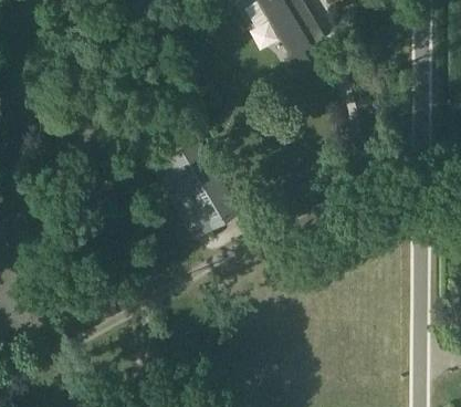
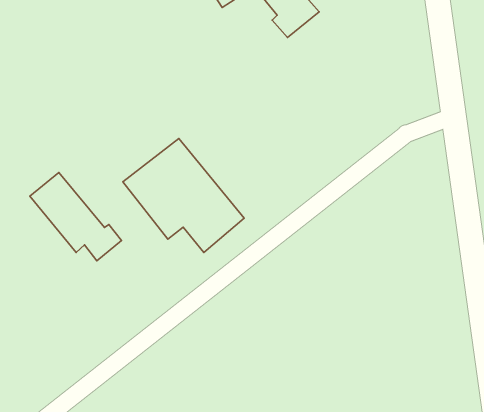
building: none -> [30,173,121,261]

